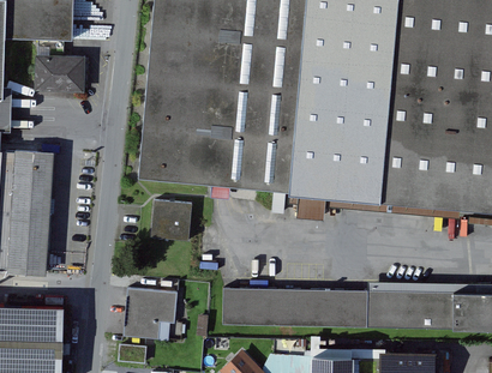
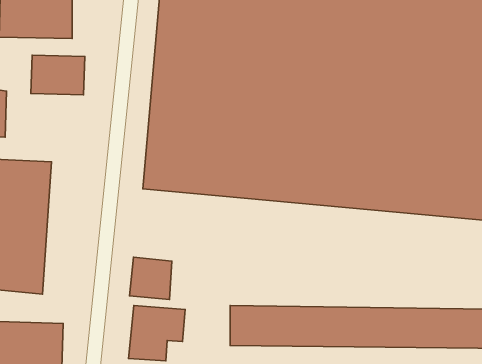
building: [155,199,194,239] -> [130,257,172,300]

